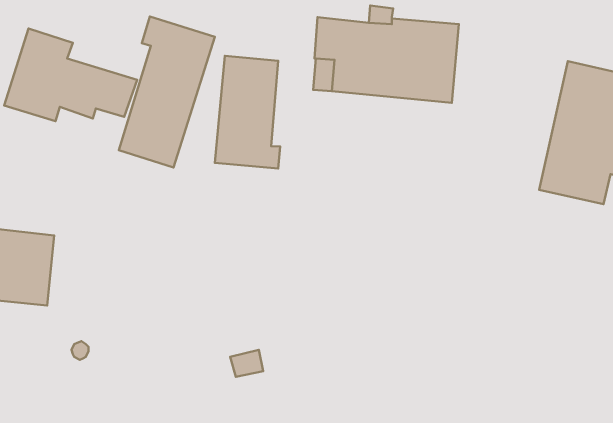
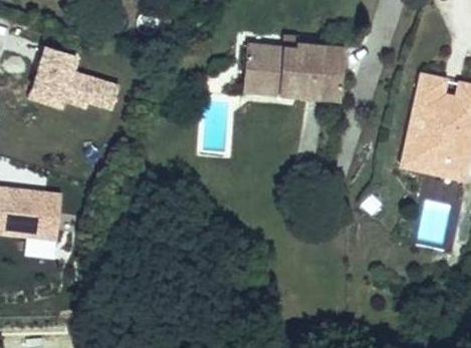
building: [119,16,215,167] -> none
building: [215,56,280,169] -> none

